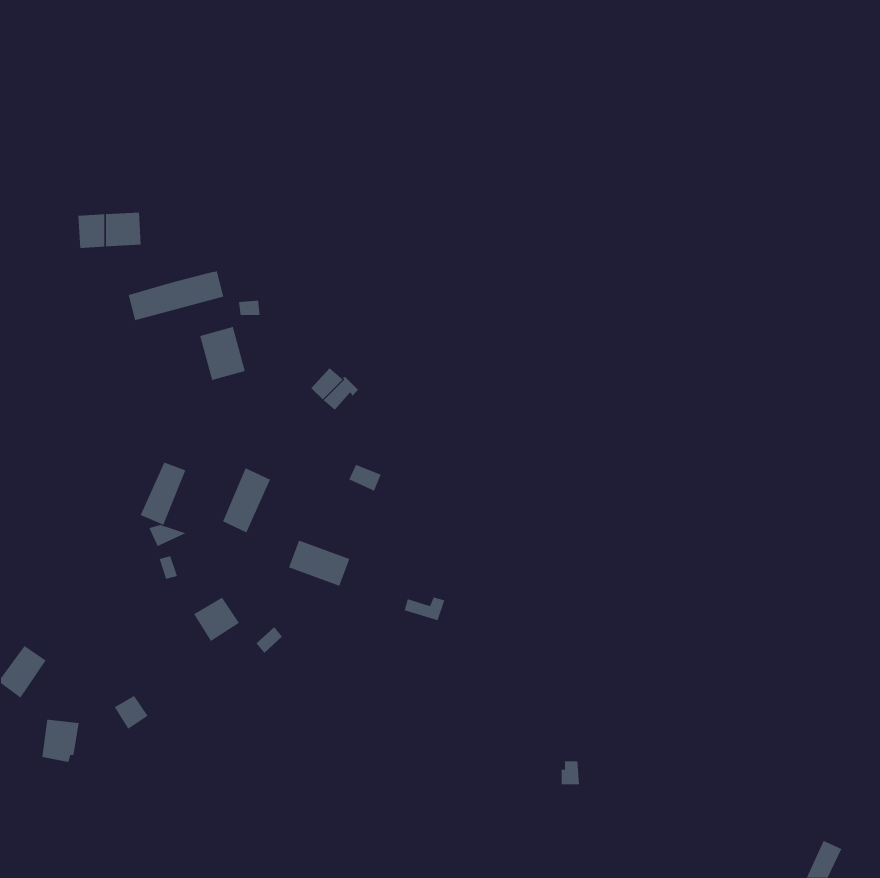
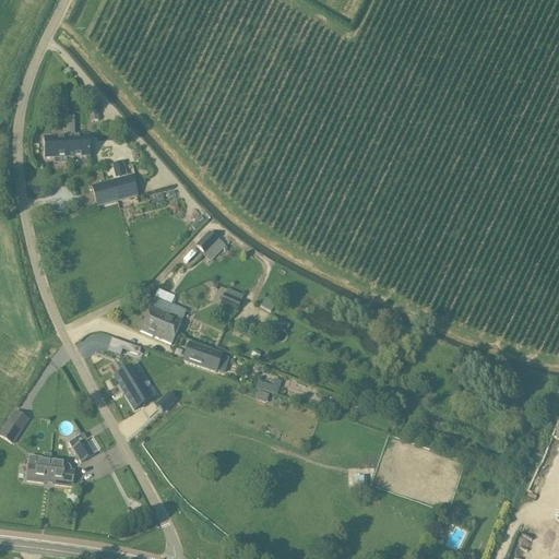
building: [199,326,245,381] -> none
building: [140,462,186,526] -> [157,304,187,344]
building: none -> [114,360,142,389]
building: none -> [48,457,75,486]

